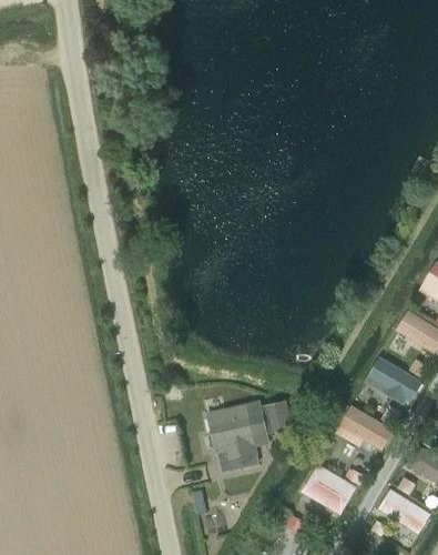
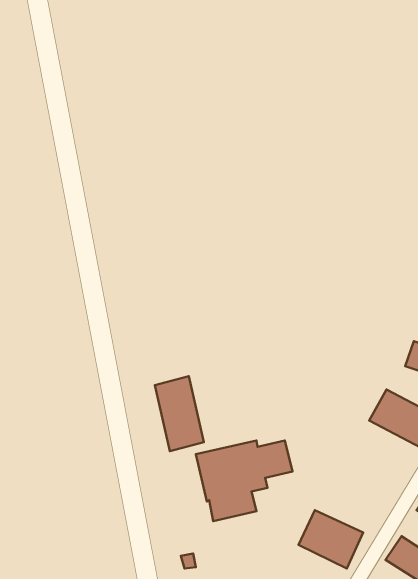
building: none -> [155,376,204,451]
building: [334,403,396,451] -> none

